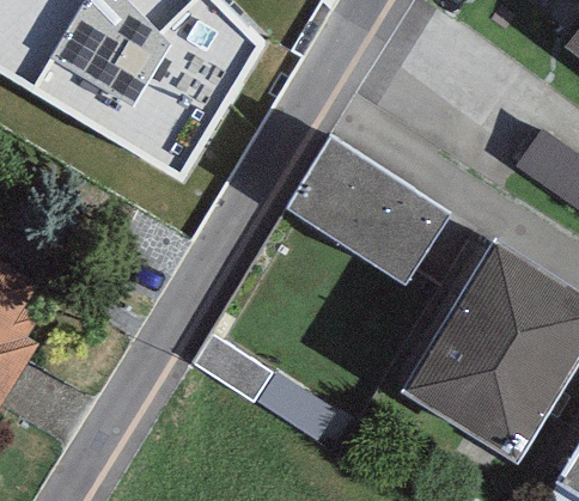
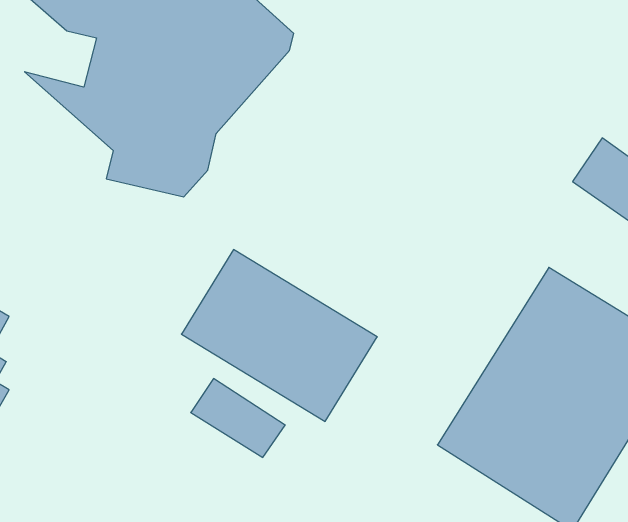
building: [284,139,450,285] -> [181,250,377,421]

